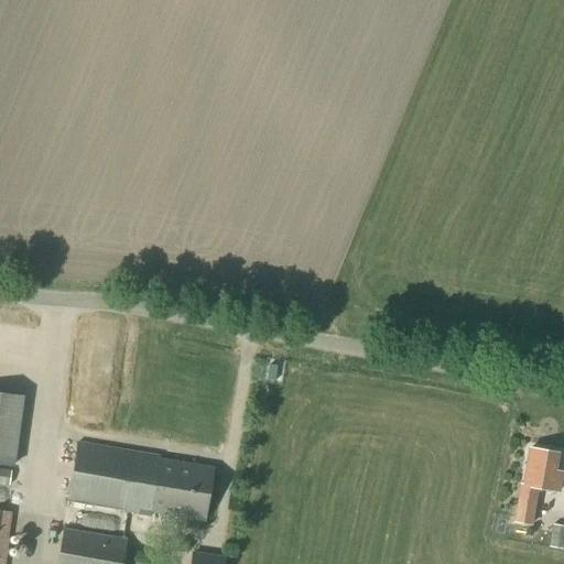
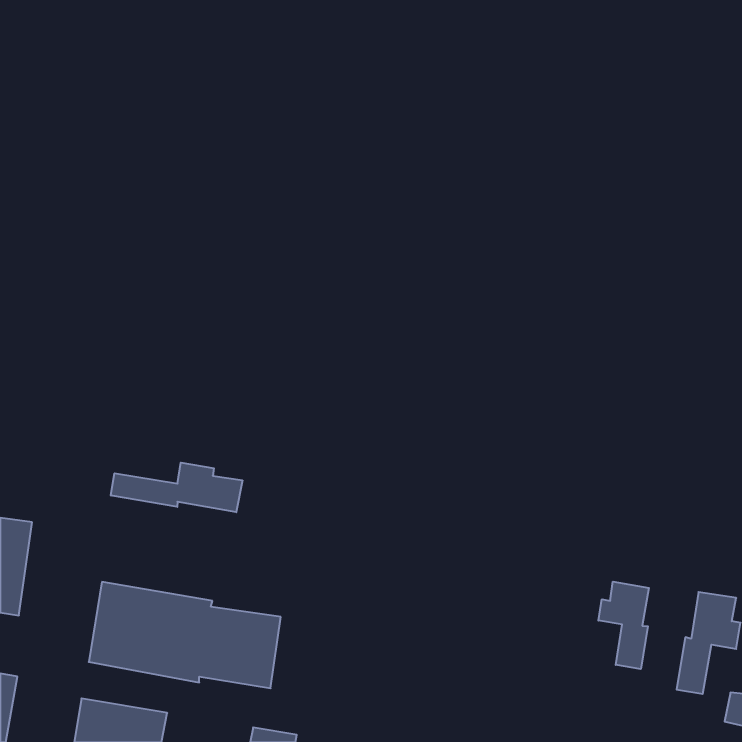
building: none -> [111,463,242,512]
building: none -> [598,582,649,669]

